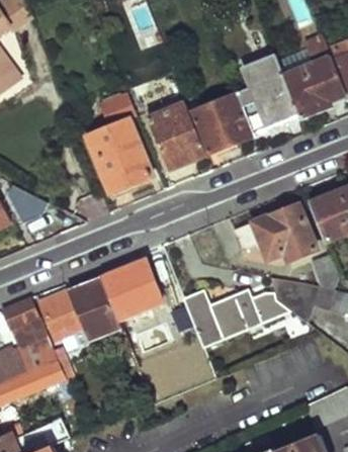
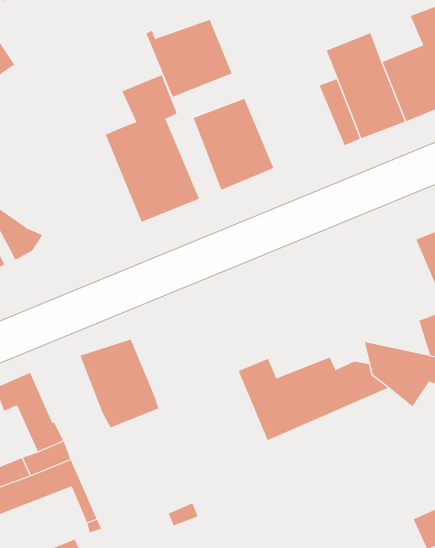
building: [189,94,252,151] -> [146,19,232,97]
building: [233,203,315,261] -> none
building: [102,259,162,317] -> none
building: [29,287,81,343] -> none

